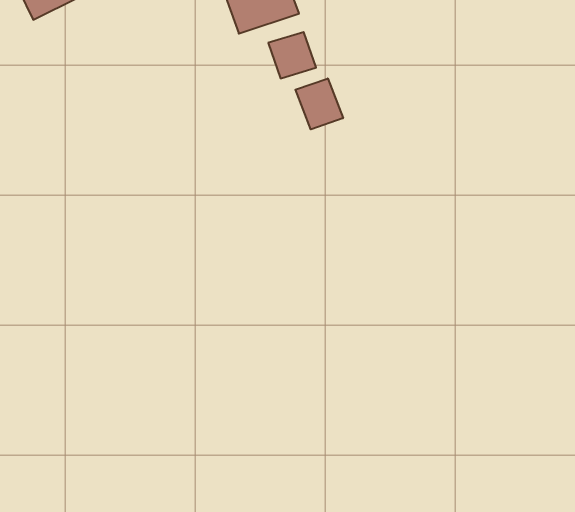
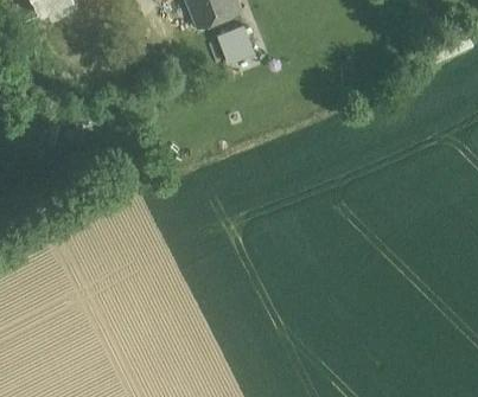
building: [295,78,343,129] -> none

